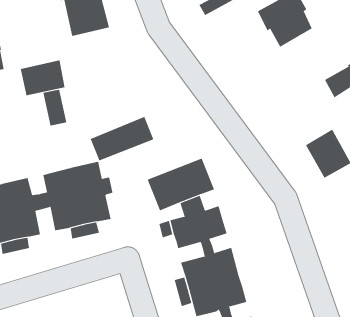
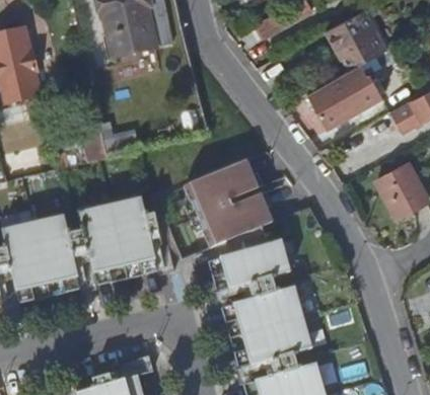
building: none -> [317,54,388,122]
building: [20,60,65,96] -> none
building: [90,116,154,161] -> [188,164,260,215]

